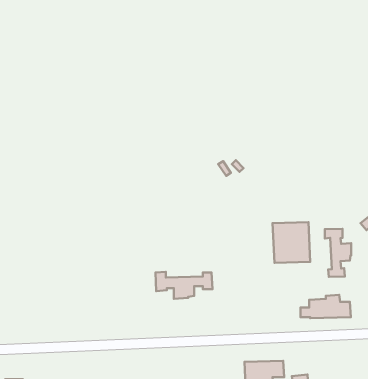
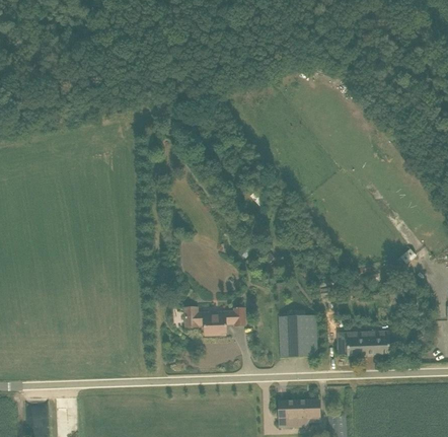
building: [273,222,310,263] -> [278,314,317,357]
building: [325,229,351,277] -> none

